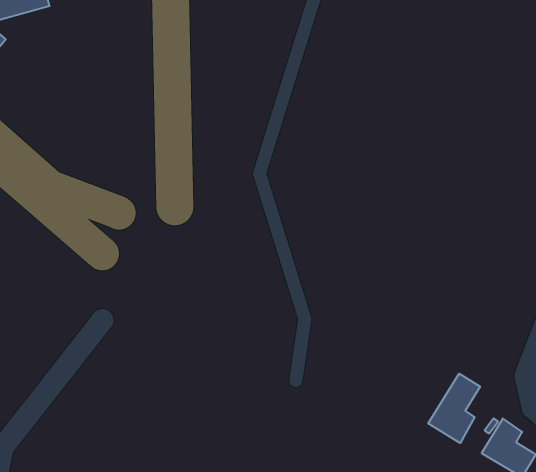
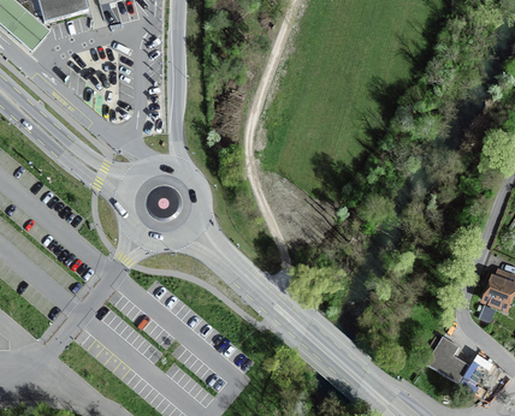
building: [428,374,480,443] -> none

